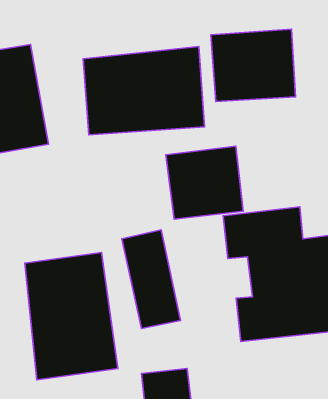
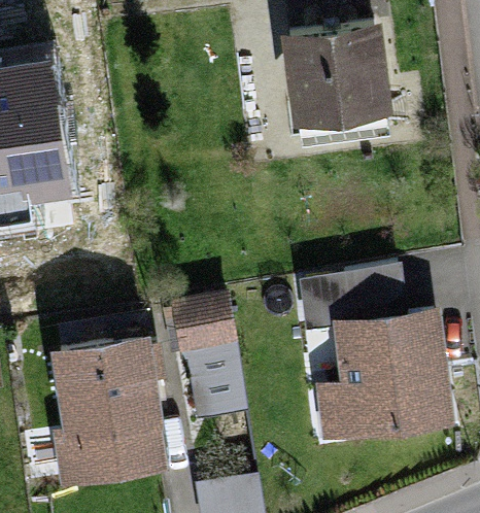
building: [83,46,204,135] -> none
building: [166,146,243,219] -> none

